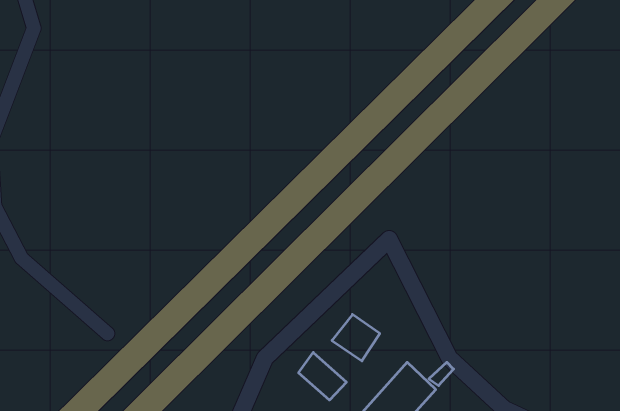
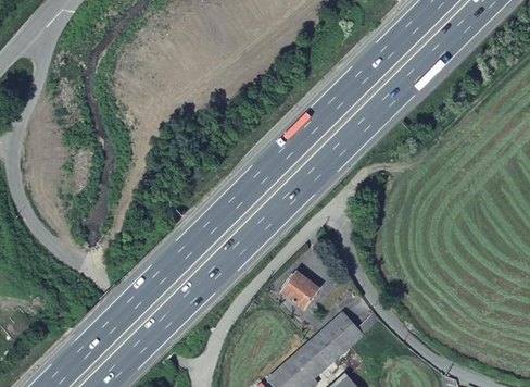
building: [299,352,346,400] -> none

